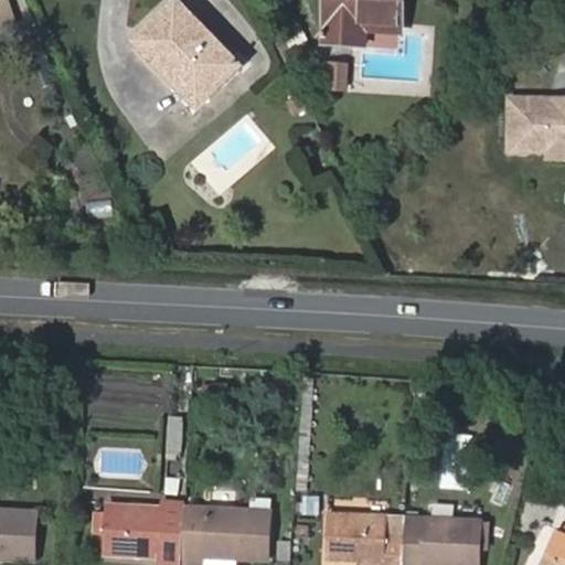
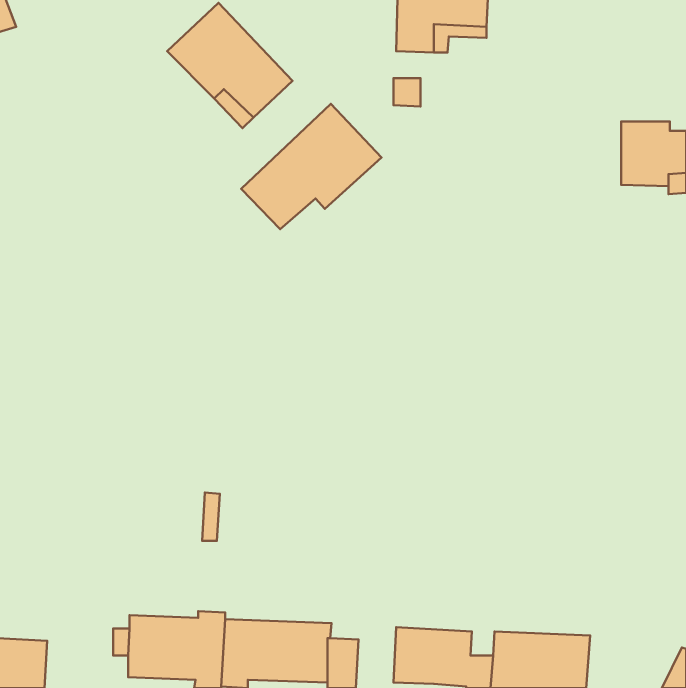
building: none -> [241,104,382,229]

